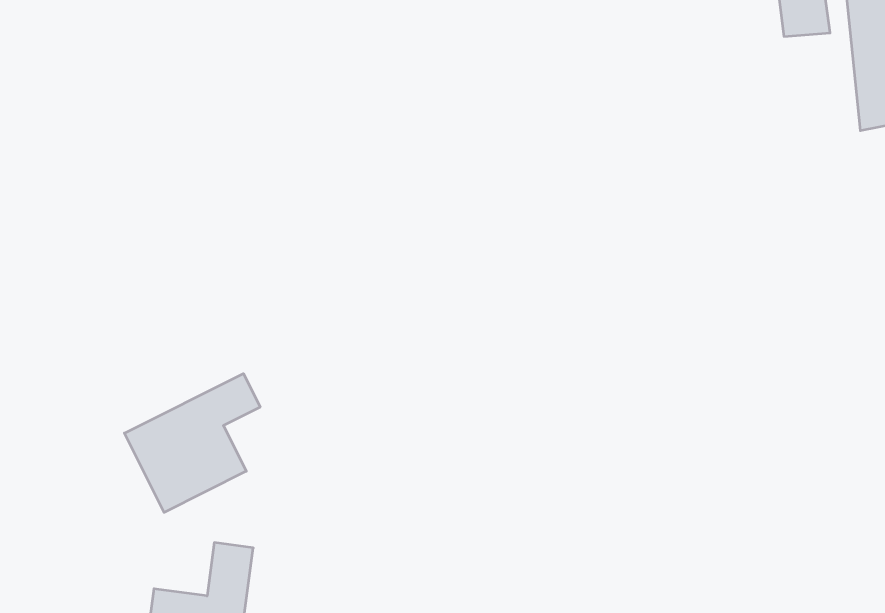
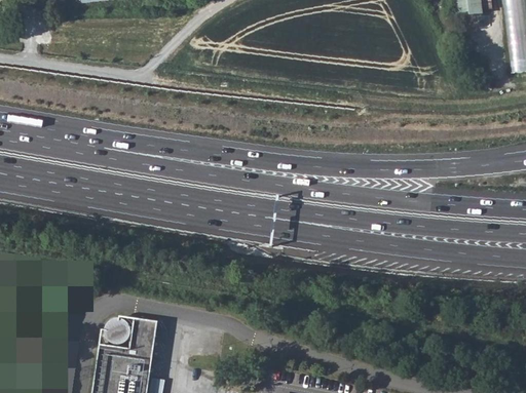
building: [124,374,260,512] -> none
building: none -> [104,317,129,343]

